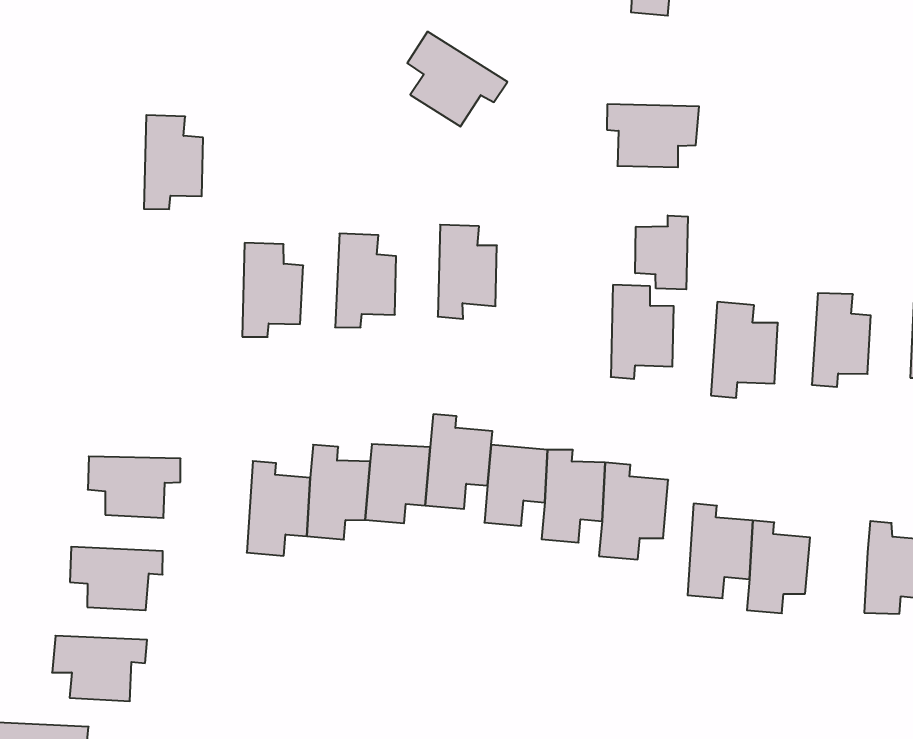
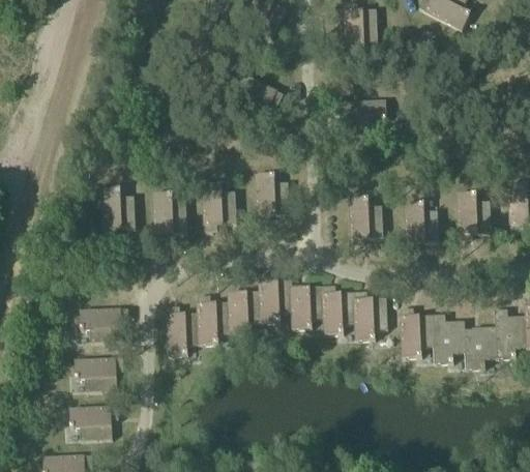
building: [144,115,203,209] -> [101,185,135,236]
building: [635,215,688,289] -> none
building: none -> [465,326,497,368]

